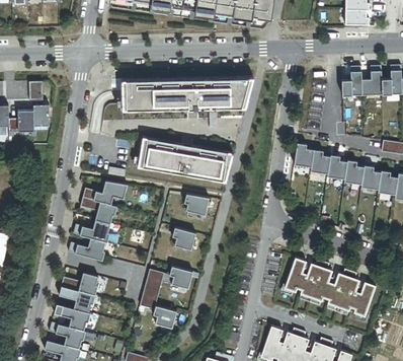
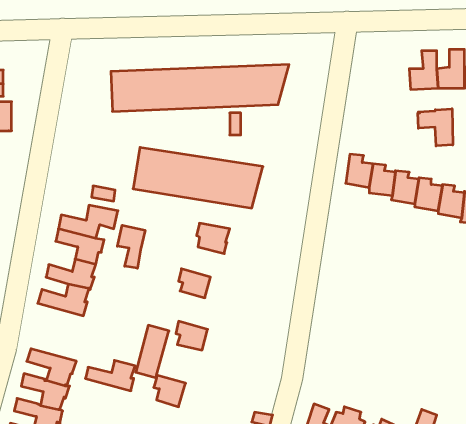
building: none -> [418,109,453,146]
building: none -> [117,225,145,268]
building: [284,258,375,316] -> none
building: [63,273,99,295] -> [85,360,135,391]

